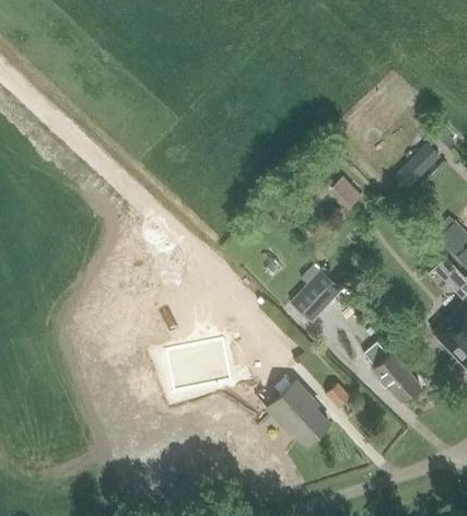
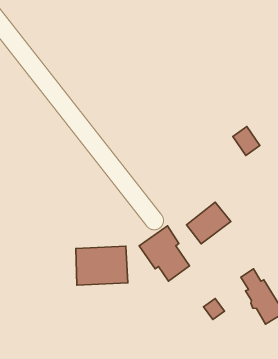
building: [267,380,329,445] -> [139,226,189,281]

